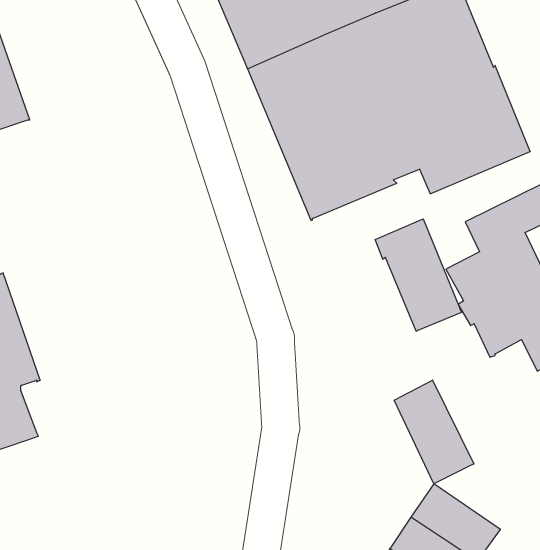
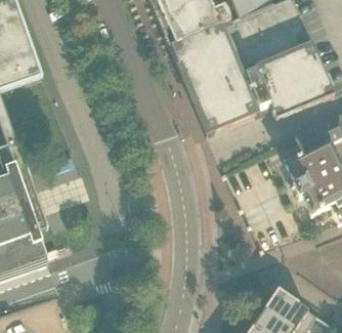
building: [375,219,462,331] -> none
building: [394,380,474,484] -> none

